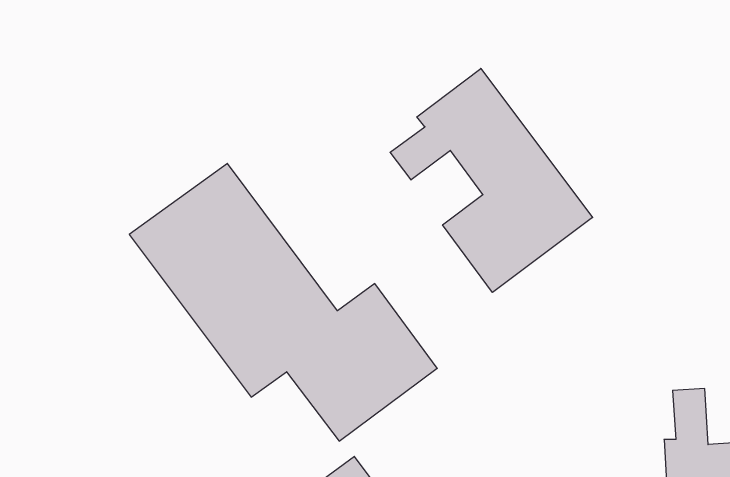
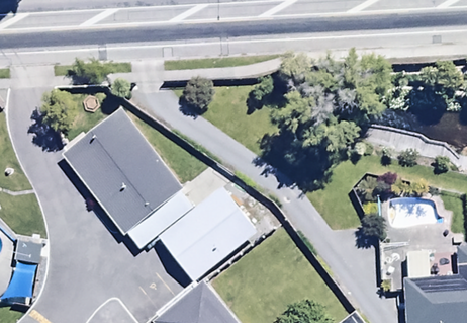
building: [390,68,593,292] -> none

